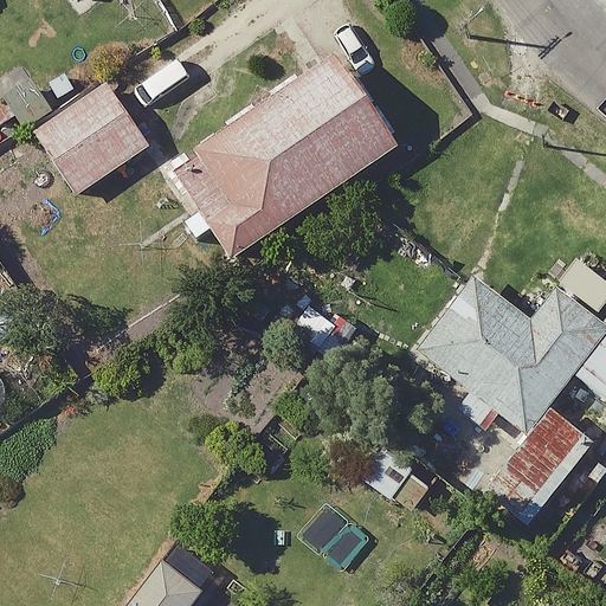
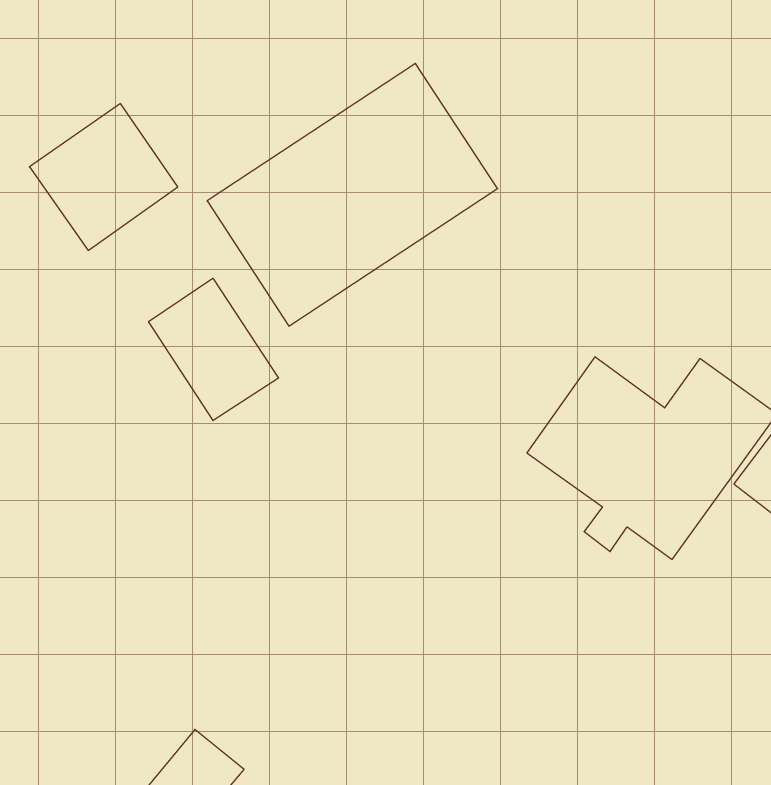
building: none -> [149,278,279,421]
building: [485,411,592,524] -> none

